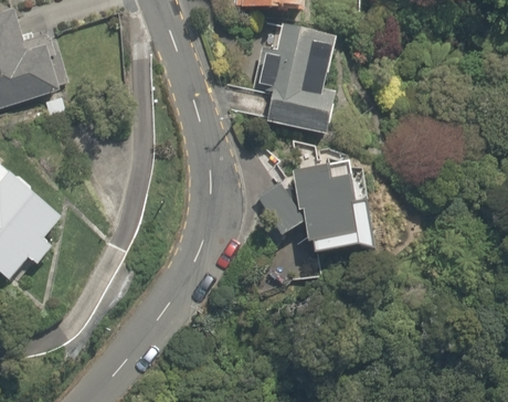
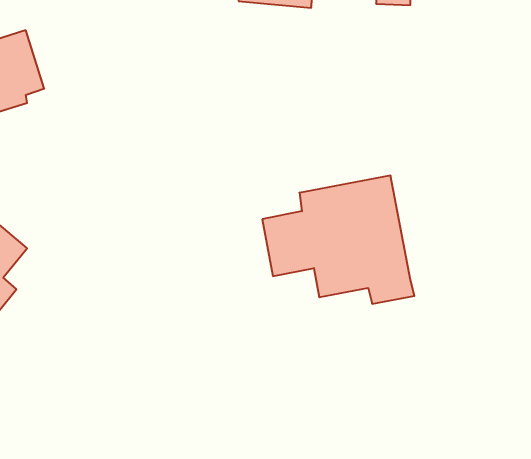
building: [253,31,338,136] -> none

